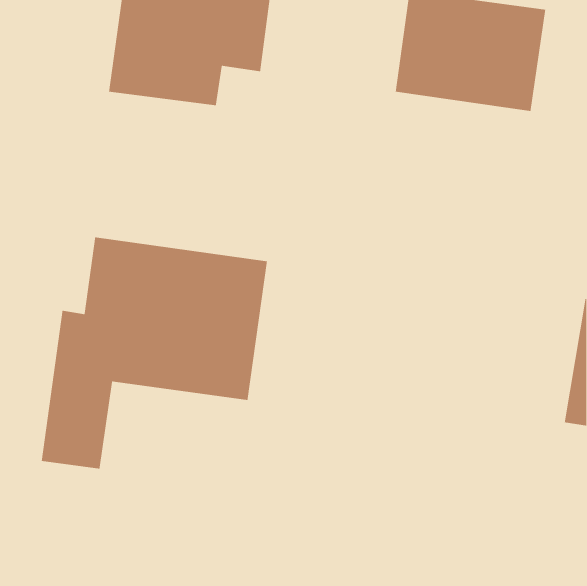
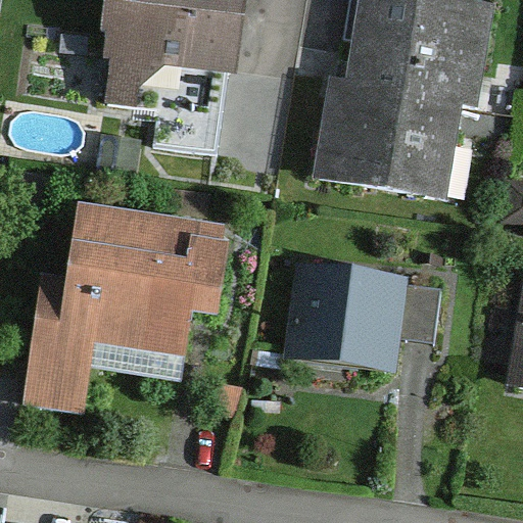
building: none -> [314,79,445,188]
building: none -> [293,266,411,372]

